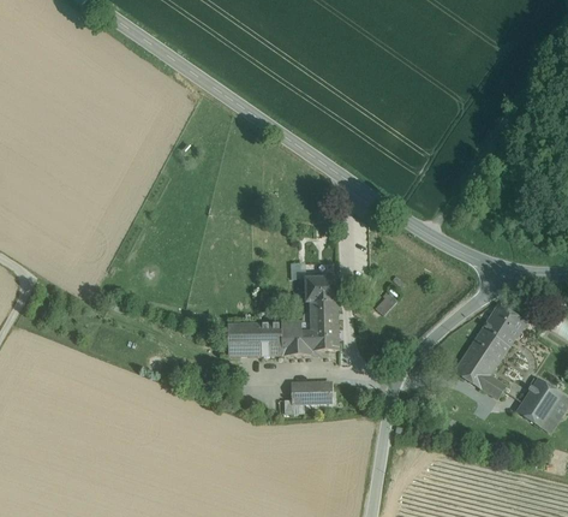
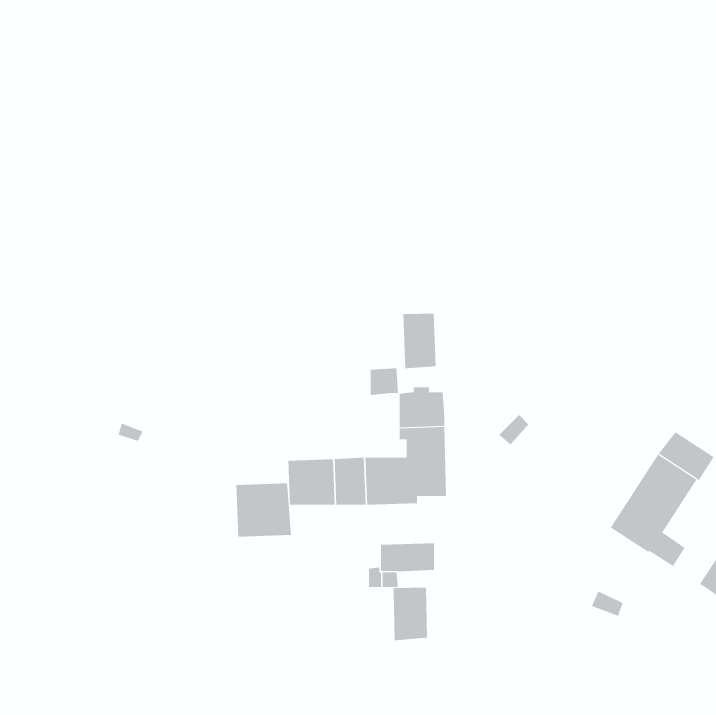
building: none -> [403,313,436,369]
building: none -> [236,483,291,538]
building: none -> [393,587,427,641]

